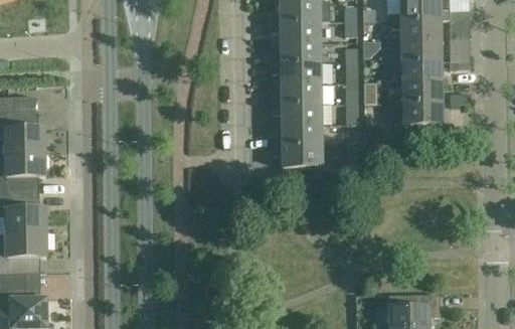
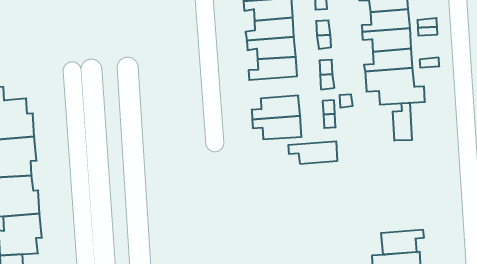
building: [272,104,322,125] -> [288,141,337,164]
building: none -> [393,103,412,141]
building: none -> [381,230,424,255]

